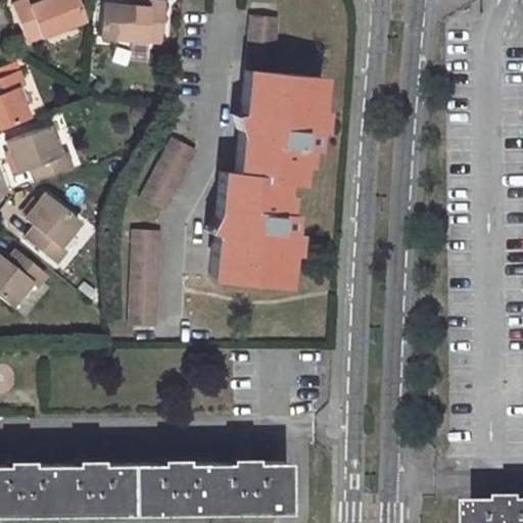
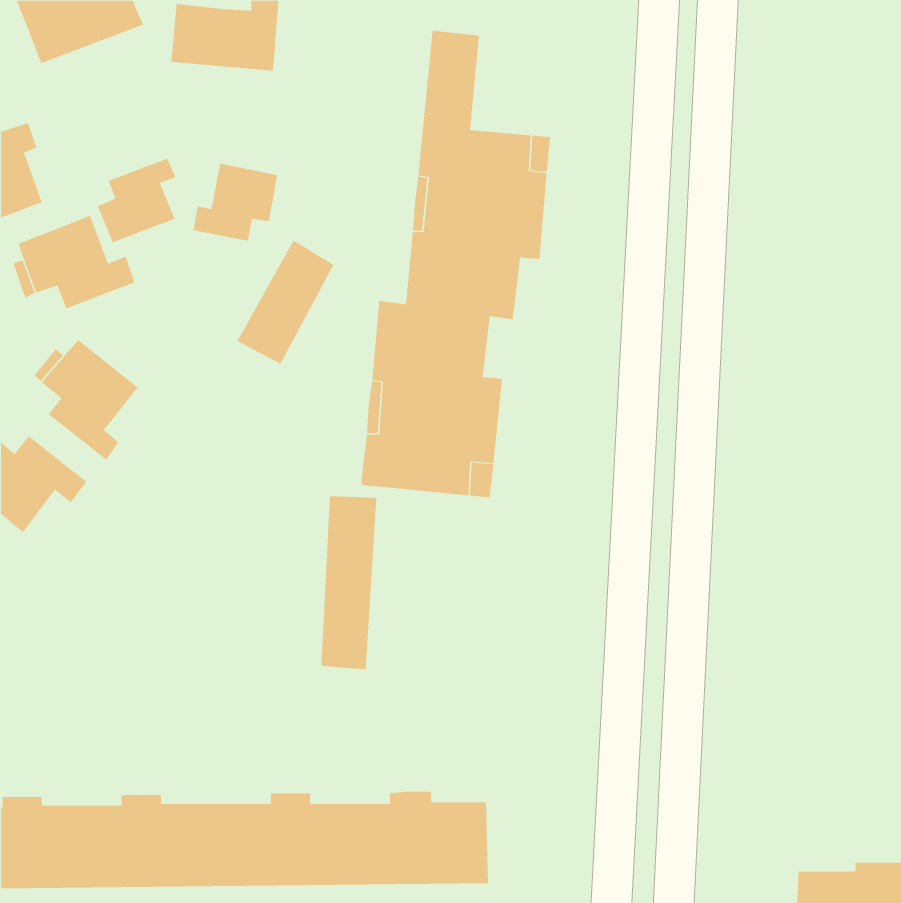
building: none -> [97,158,176,243]
building: none -> [193,163,277,242]
building: [129,231,161,331] -> [320,496,377,670]

